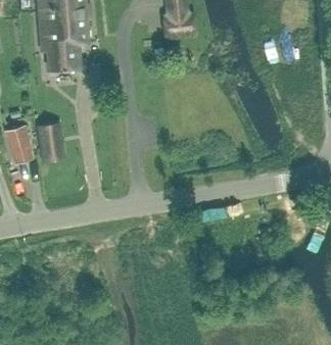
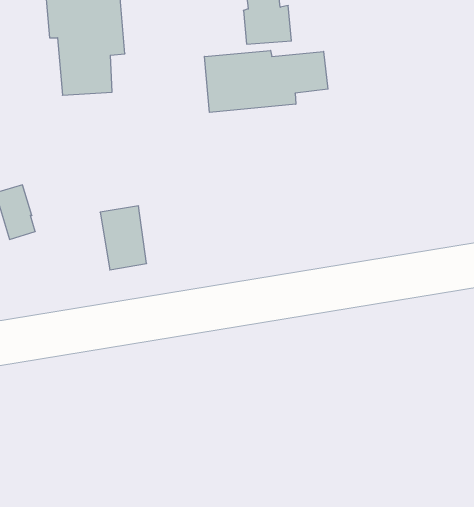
building: none -> [204,50,328,112]
building: [36,121,65,162] -> [100,206,147,270]

